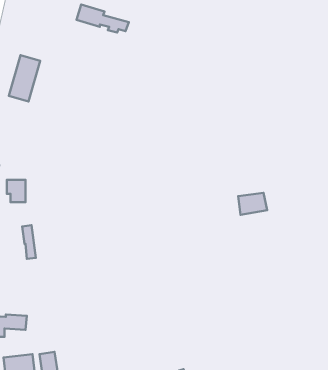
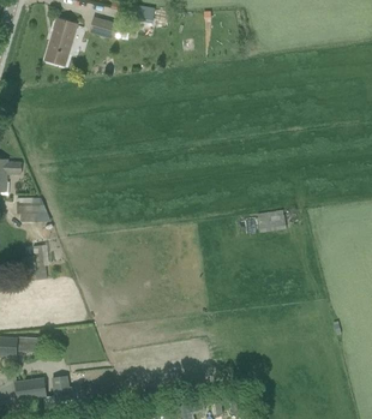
building: [9,55,40,102] -> [44,18,77,66]

